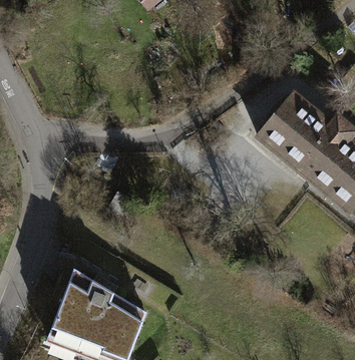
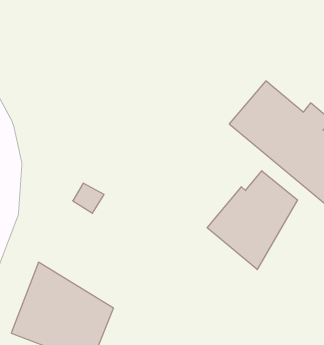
building: none -> [207,171,298,270]

